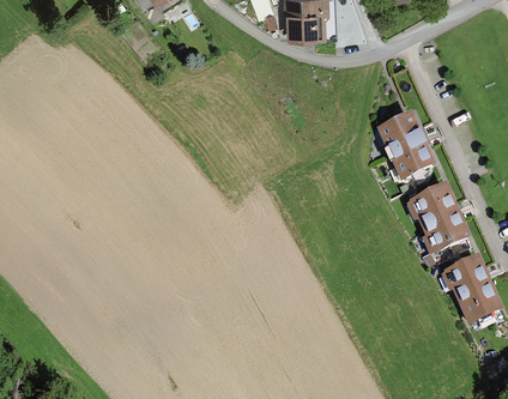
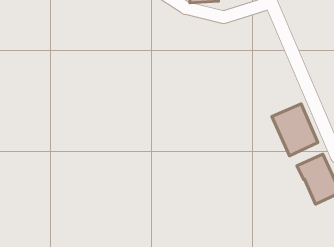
building: [377,115,436,185] -> none

